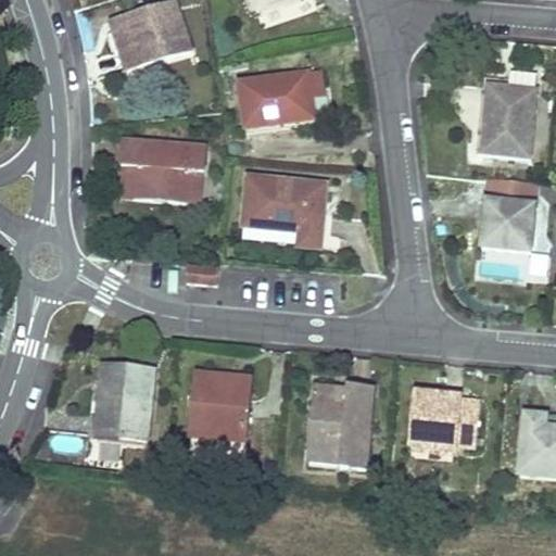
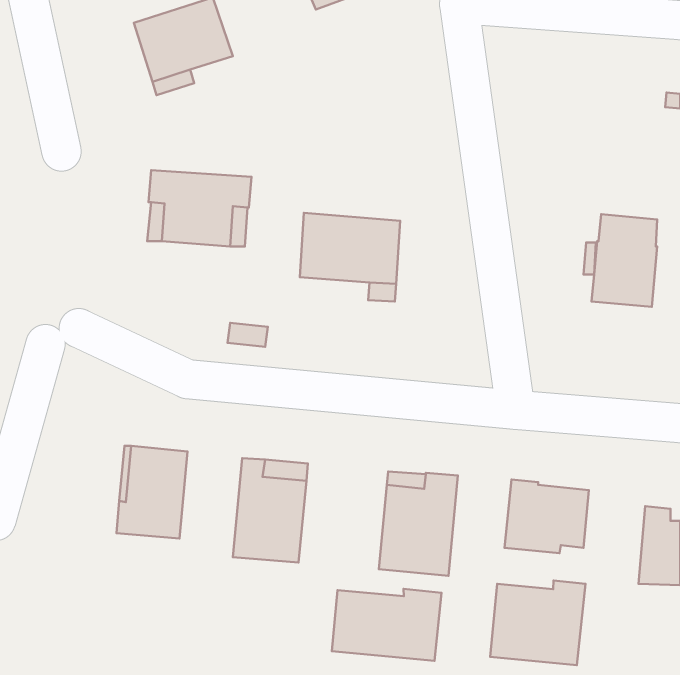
building: [238,66,324,126] -> none
building: [481,67,535,155] -> none
building: none -> [490,580,585,665]
building: none -> [332,589,442,661]

